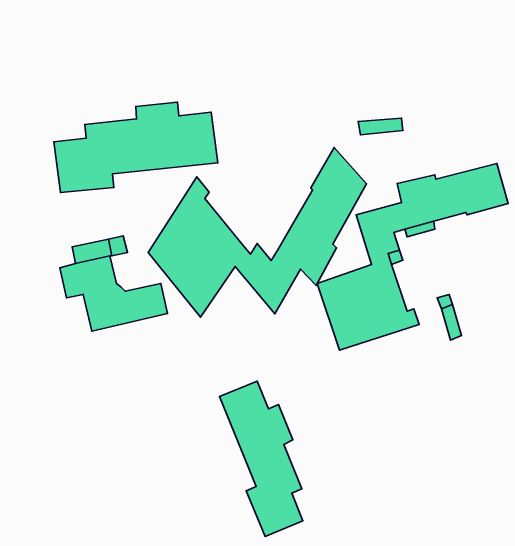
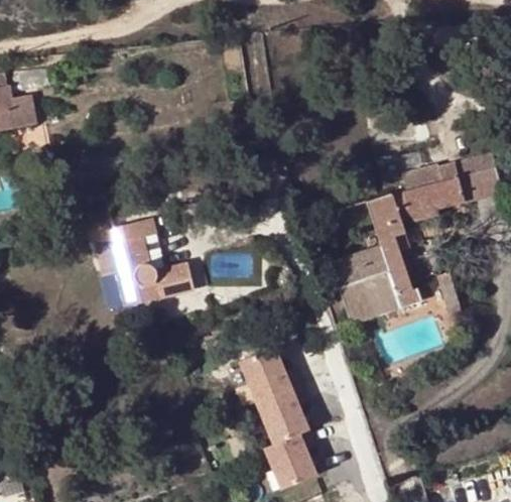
building: [54,102,218,192] -> none
building: [148,148,366,317] -> none

